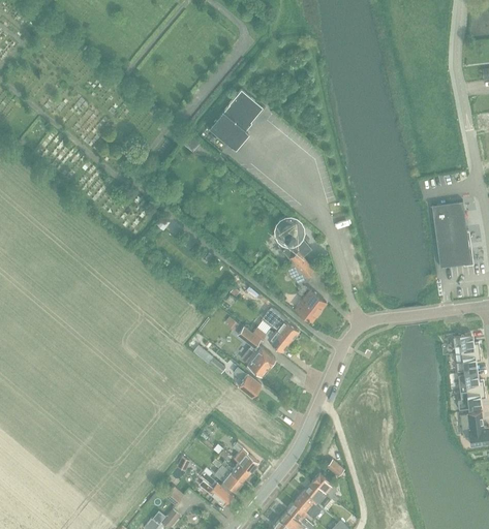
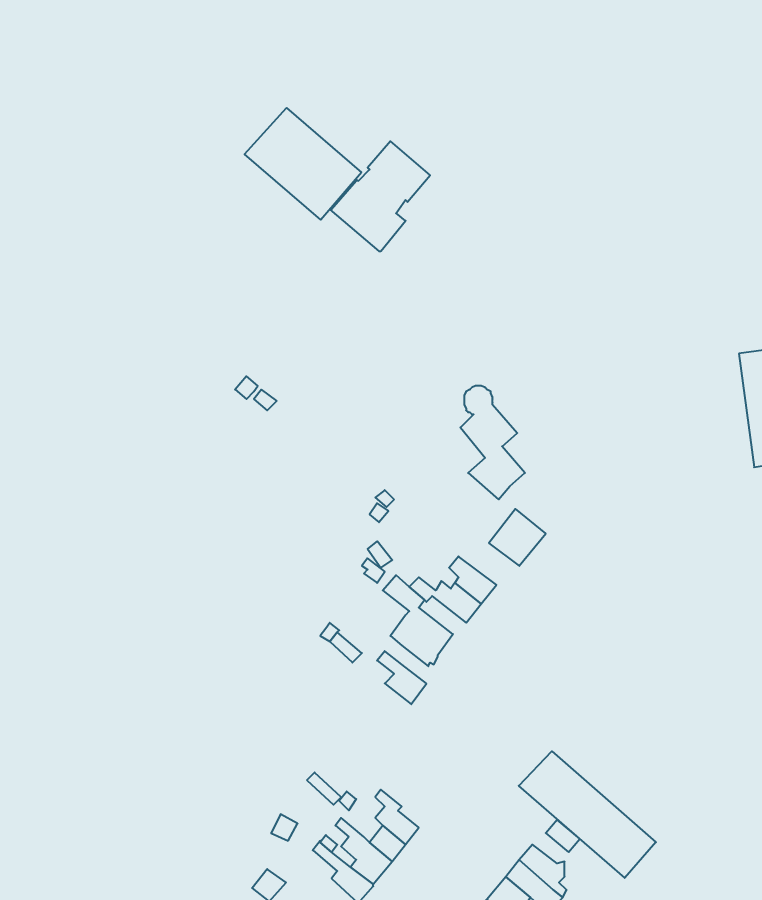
building: none -> [245,108,361,220]
building: none -> [519,751,656,878]

